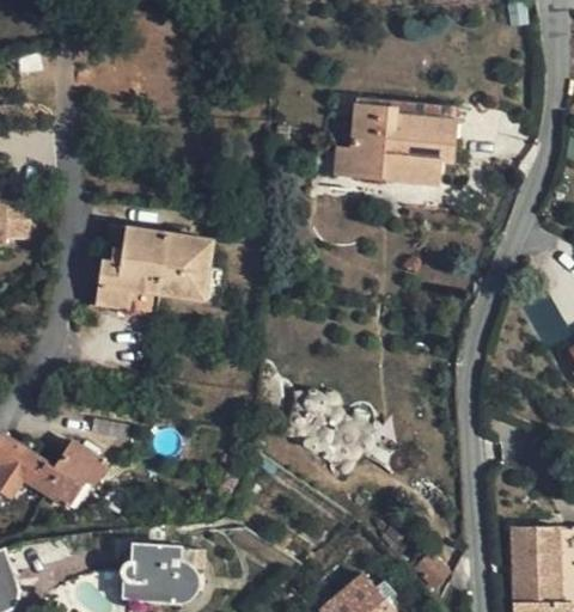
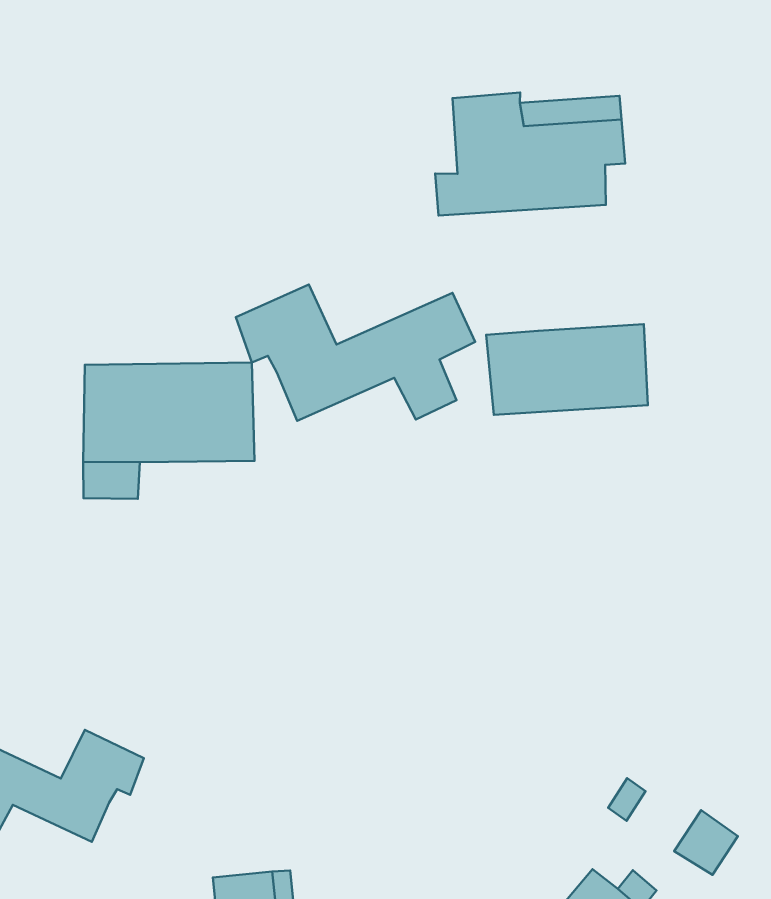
building: none -> [236,284,475,421]
building: none -> [486,324,648,415]

